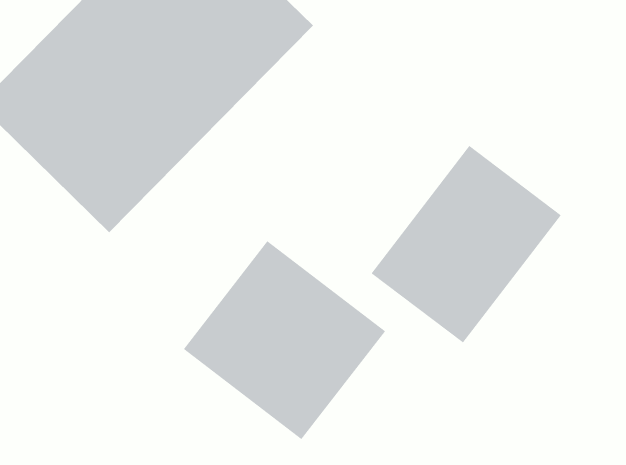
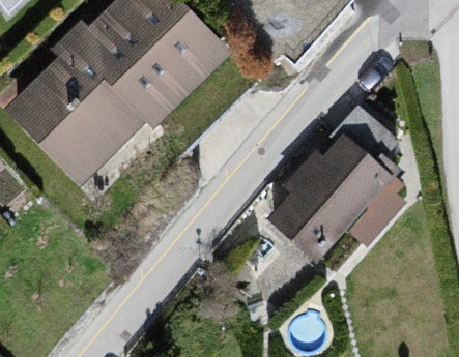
building: [183,240,386,440] -> none

